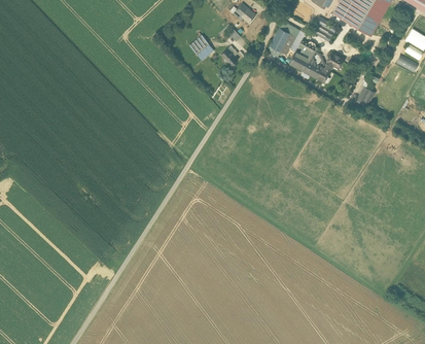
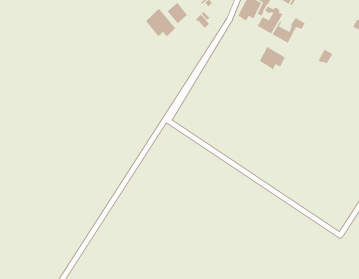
building: none -> [145,8,176,37]
building: none -> [259,46,286,70]

